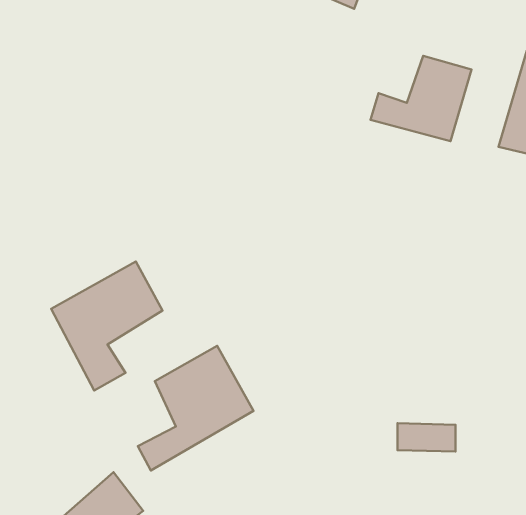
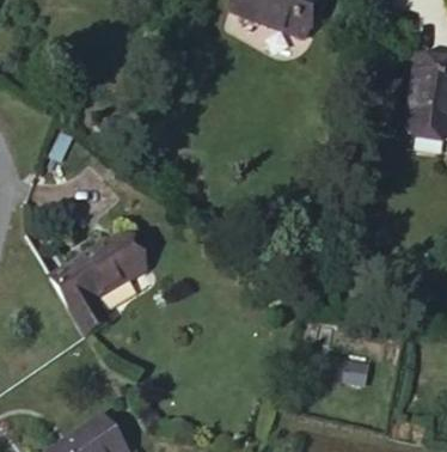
building: [370,56,471,141] -> none
building: [138,346,254,471] -> none

